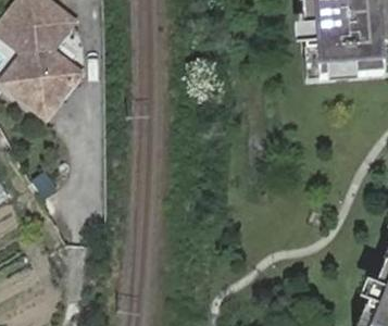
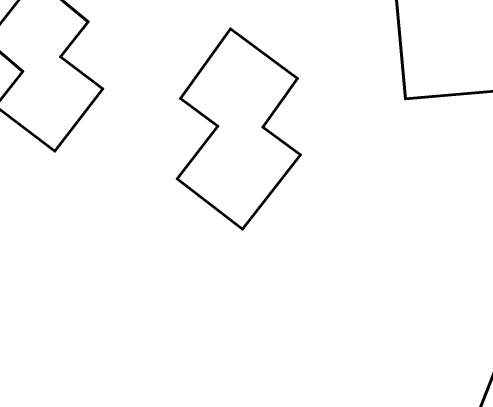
building: none -> [177,29,300,229]

